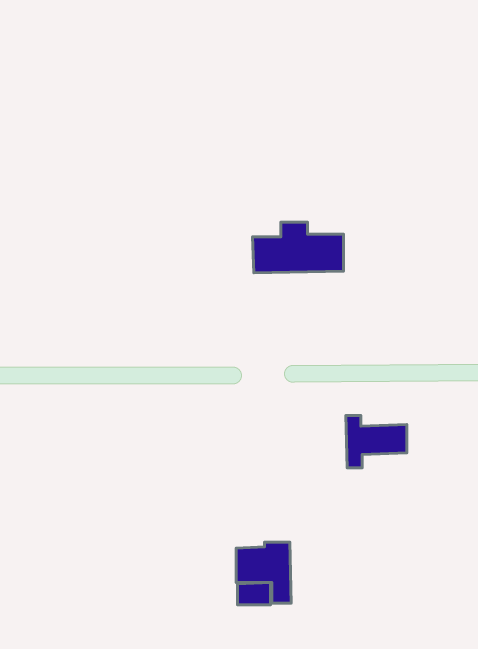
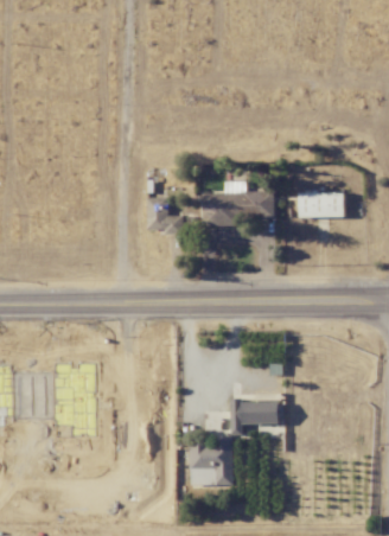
building: none -> [298,192,344,217]
building: [346,416,407,468] -> [230,394,279,435]

